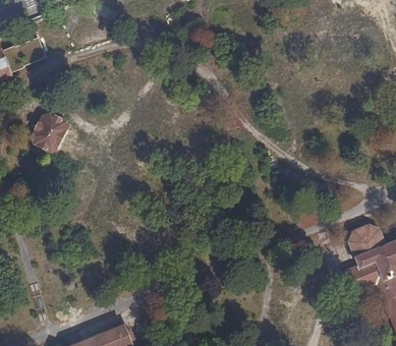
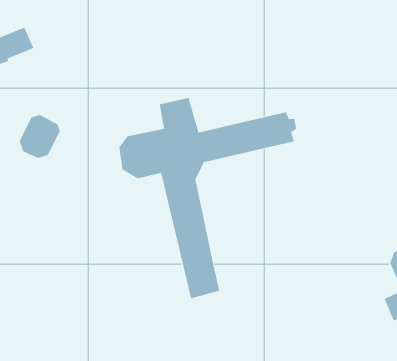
building: none -> [119,97,297,299]

